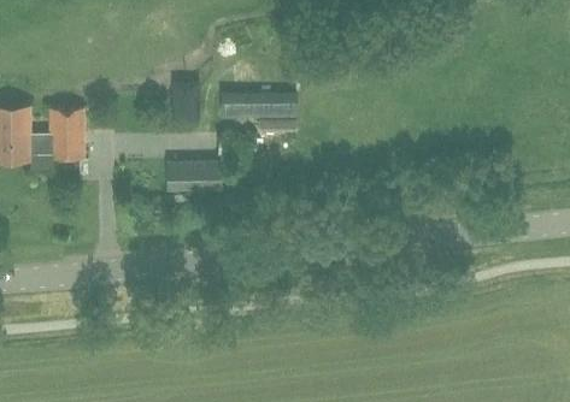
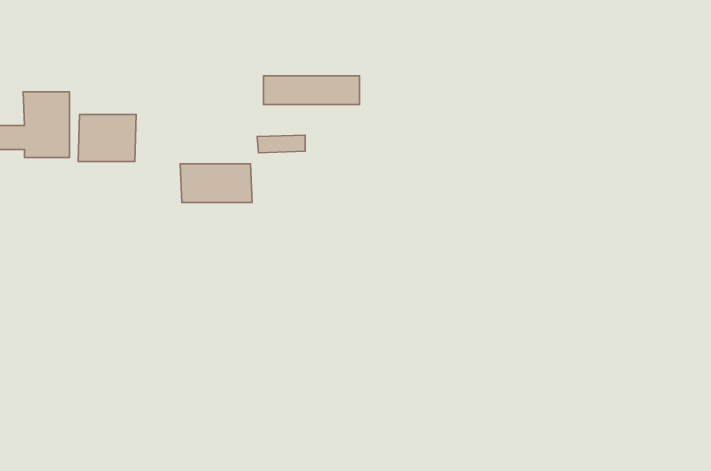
building: none -> [78,115,136,162]

